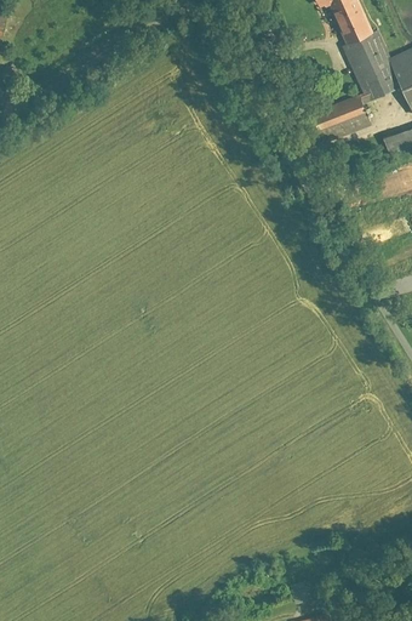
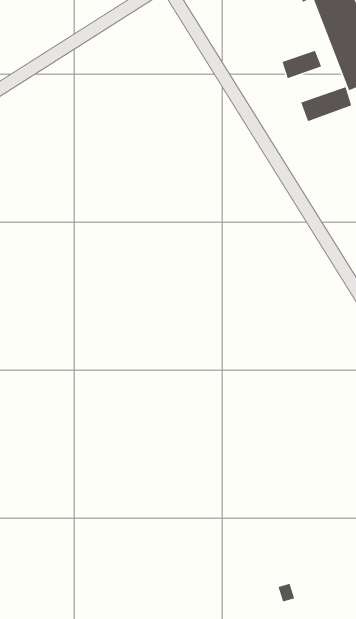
building: none -> [281,50,322,79]

